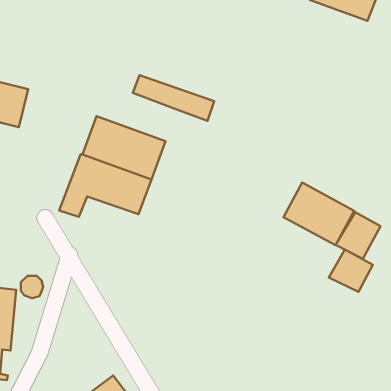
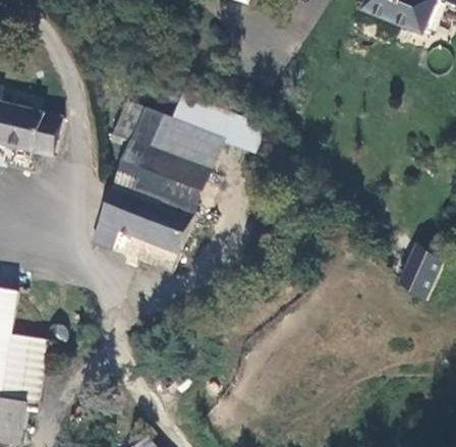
building: none -> [111,102,219,172]
building: [283,182,354,245] -> none
building: [329,250,373,292] -> none

